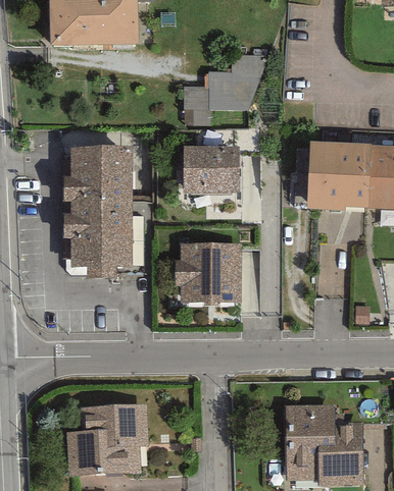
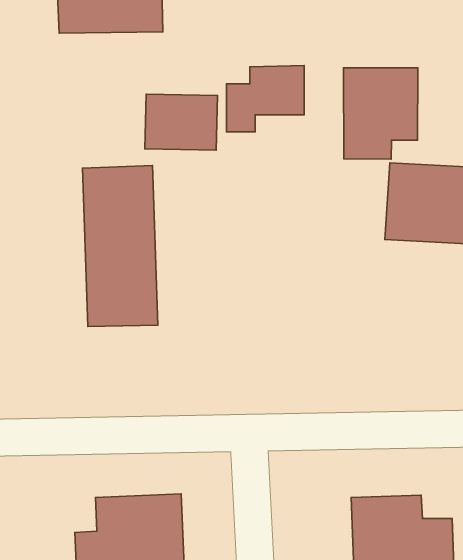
building: none -> [344,68,418,159]
building: [184,147,241,190] -> [145,94,218,150]
building: [178,243,238,299] -> none

